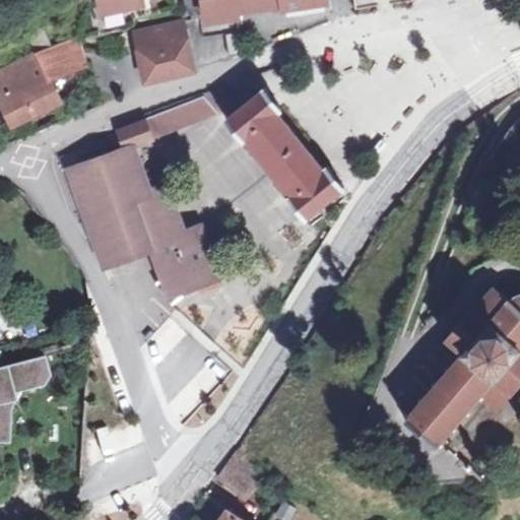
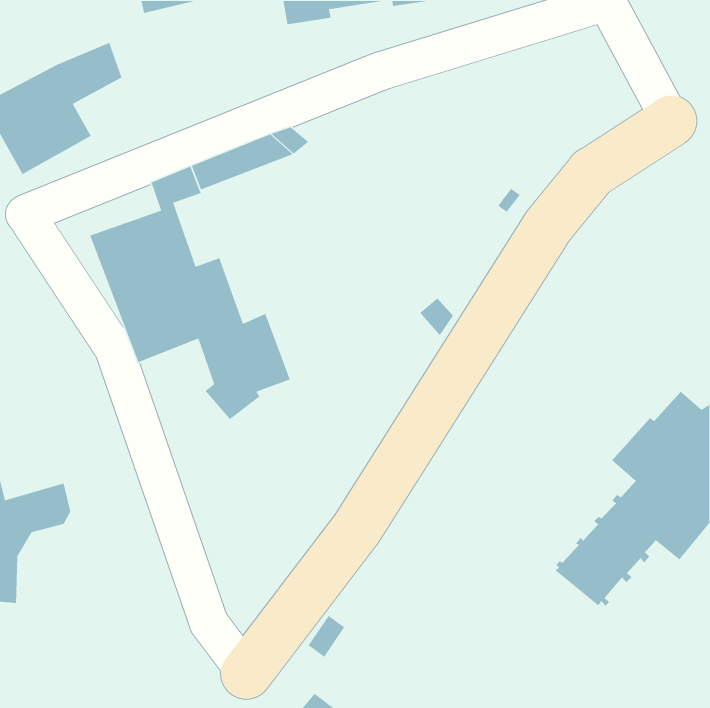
building: [138,21,197,79] -> none
building: [220,90,340,221] -> none

